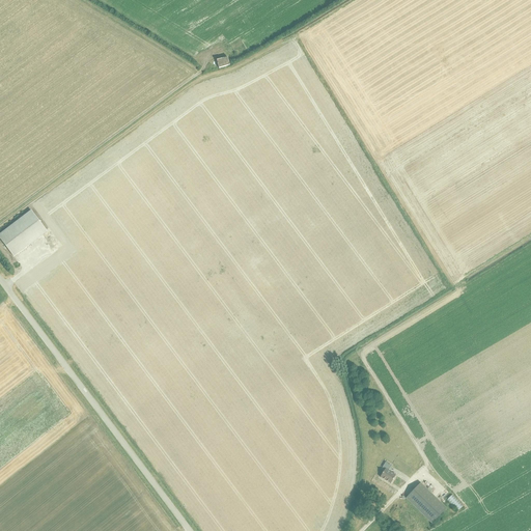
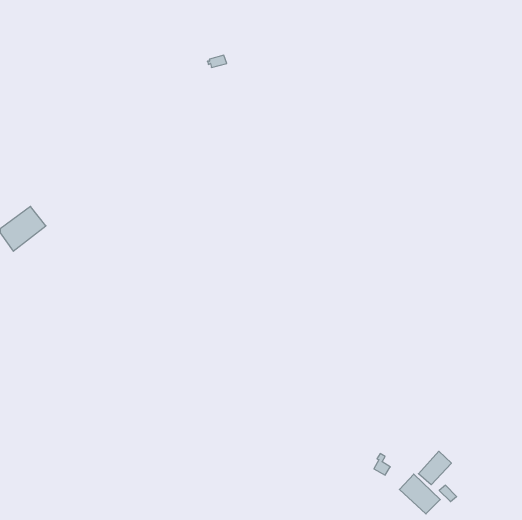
building: none -> [418,451,451,485]

